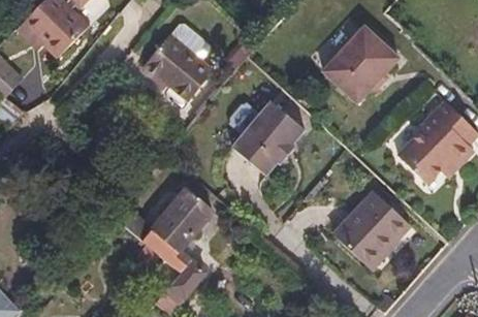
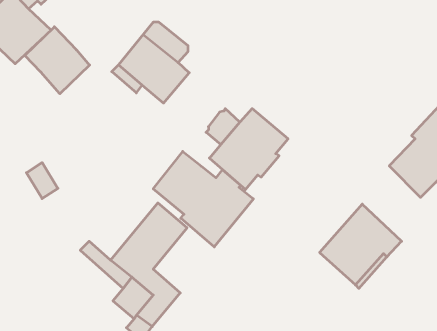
building: [324,26,400,102] -> none
building: none -> [25,27,90,94]
building: none -> [153,151,253,247]

